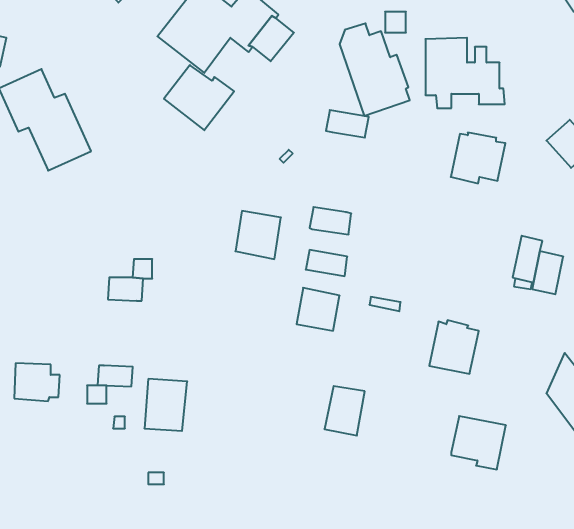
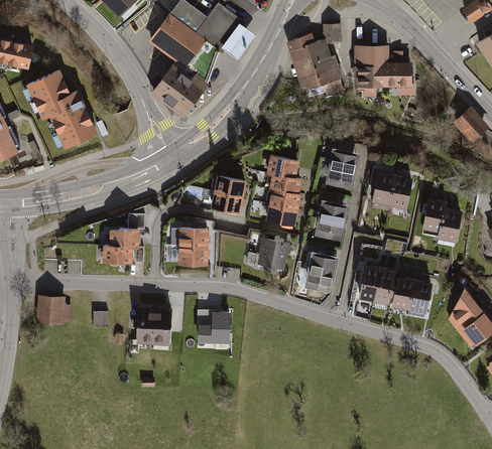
building: [326,110,369,138] -> [264,157,297,178]
building: [451,133,505,183] -> [370,171,412,210]
building: none -> [326,151,357,186]
building: none -> [266,191,298,212]
building: none -> [313,201,346,242]
building: none -> [167,229,208,268]
building: [98,366,133,386] -> [105,246,132,262]
building: [324,386,365,436] -> [303,254,335,292]
building: none -> [199,313,228,342]
building: [451,416,506,469] -> [390,275,433,316]

